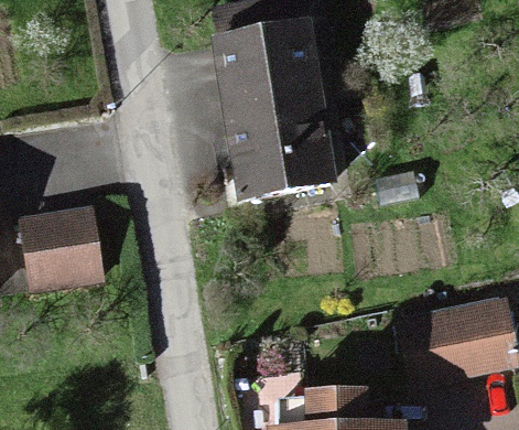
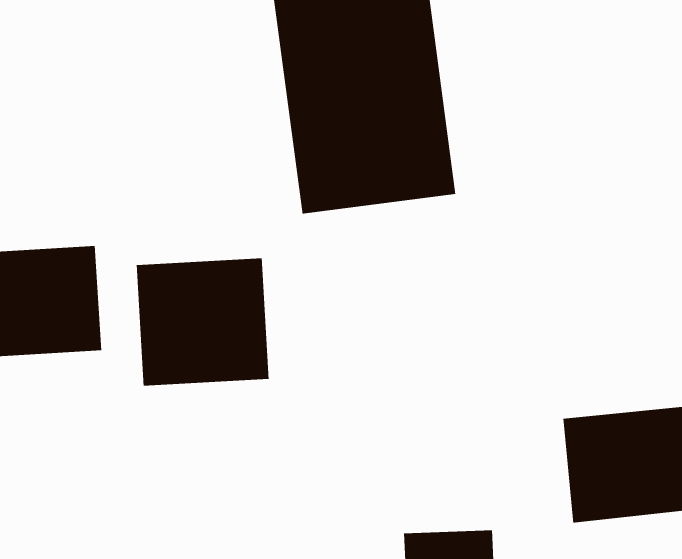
building: none -> [136,257,269,386]

